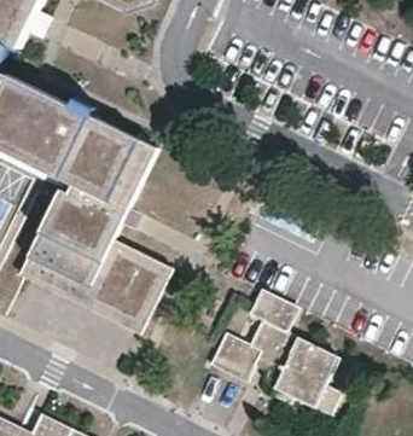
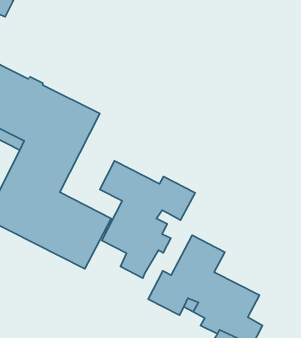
building: none -> [100,161,195,278]

